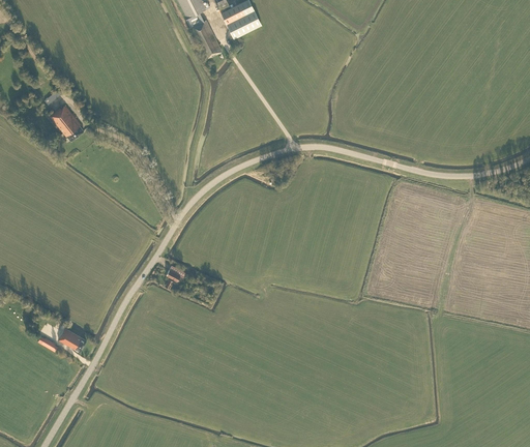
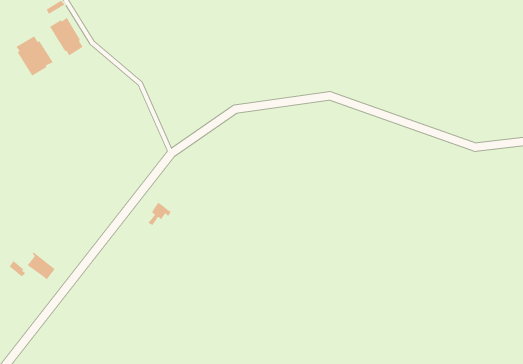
building: none -> [16,35,54,77]

